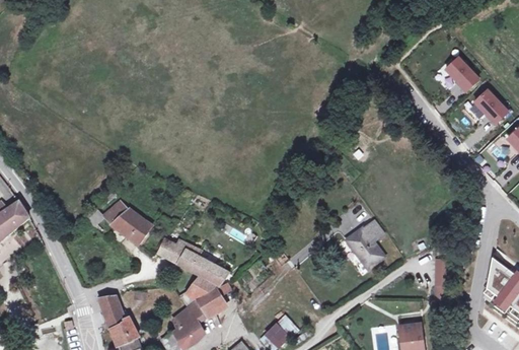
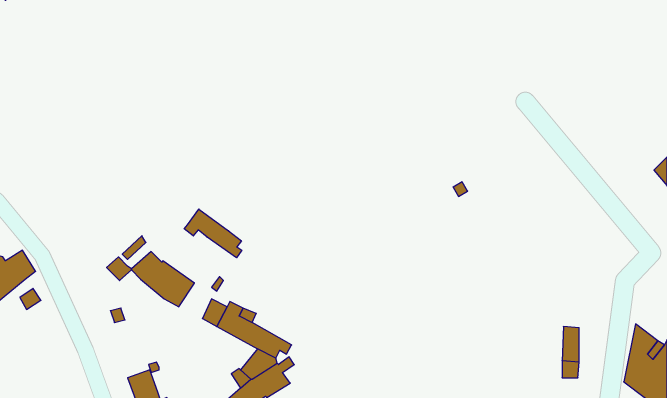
building: [445,57,478,91] -> none
building: [474,90,507,124] -> none
building: none -> [184,209,242,258]
building: [347,220,384,268] -> none

